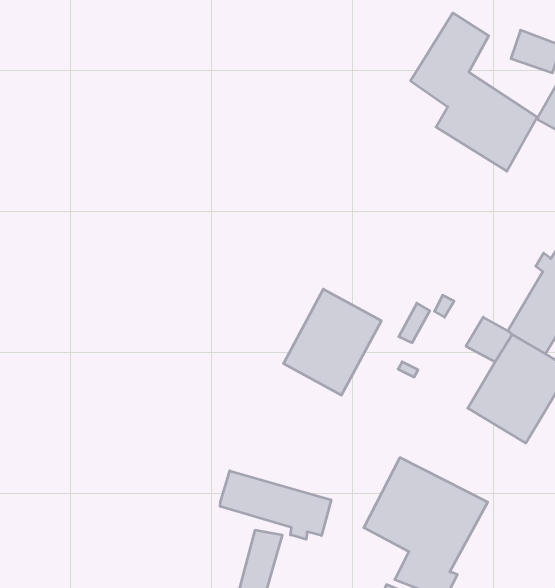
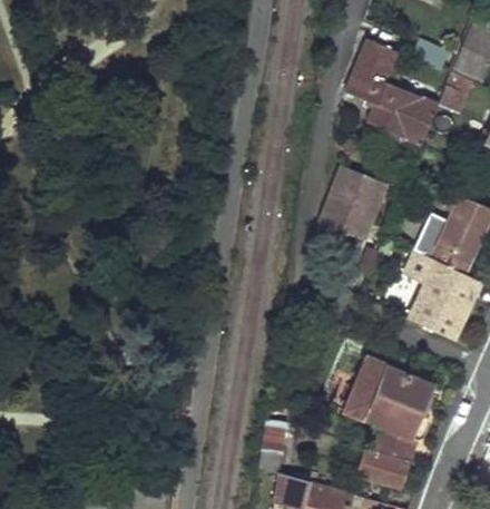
building: [283,289,381,395] -> [318,166,385,241]
building: [220,471,331,539] -> none

